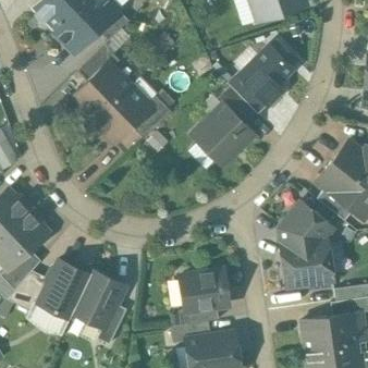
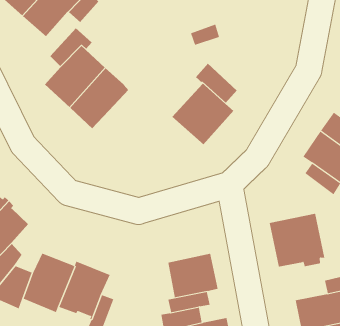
building: [237,42,294,105] -> none
building: [131,96,171,139] -> none
building: [277,201,332,244] -> none

